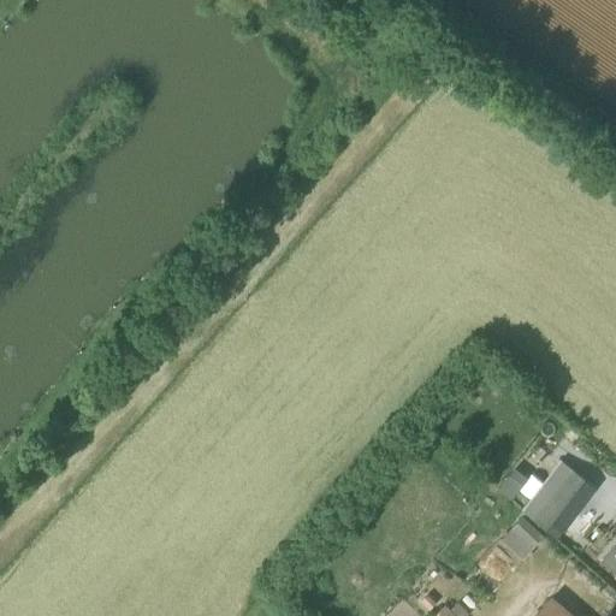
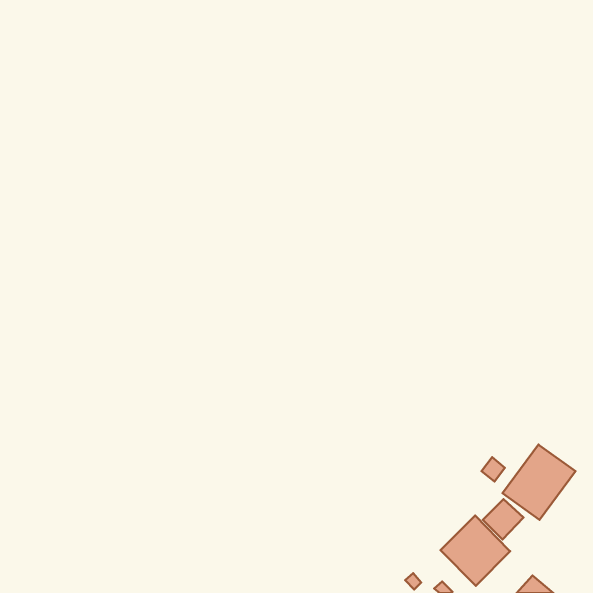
building: none -> [441,515,510,586]

